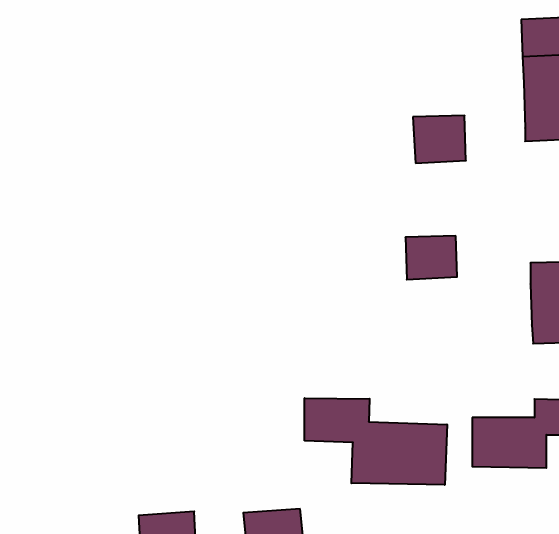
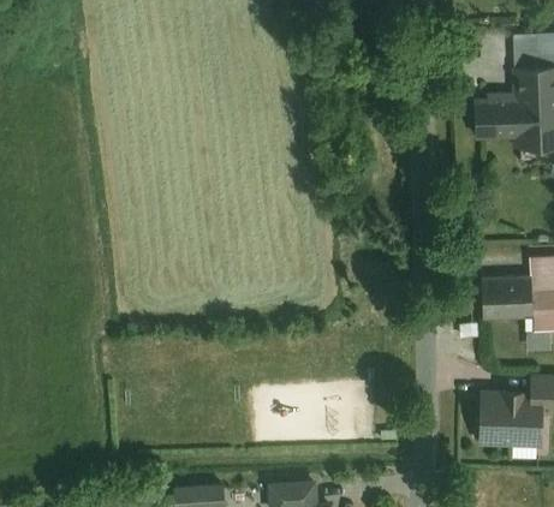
building: [413,116,466,163] -> [473,94,522,137]
building: [405,236,457,280] -> [481,276,528,316]
building: [305,398,447,485] -> none

